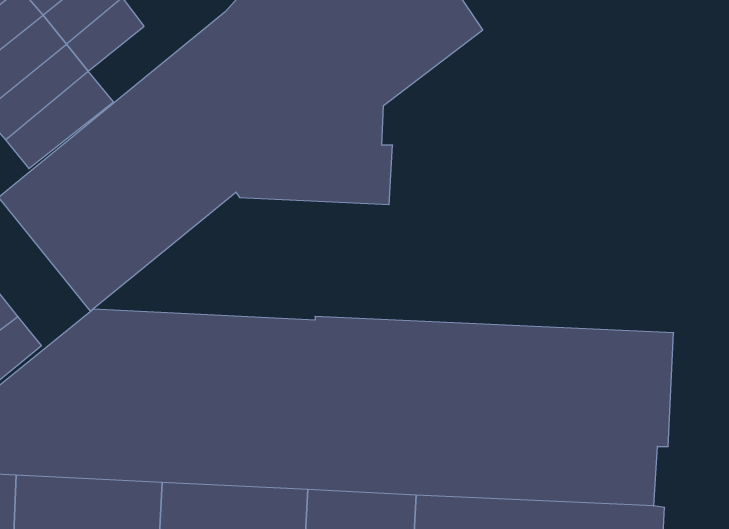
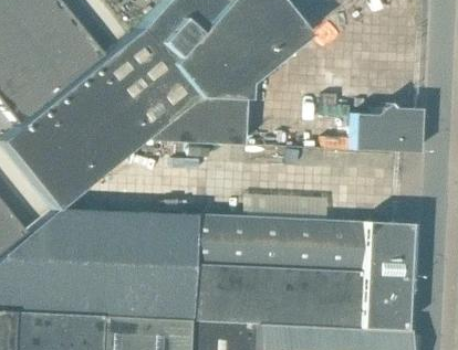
building: none -> [58,36,107,83]
building: none -> [355,103,421,153]

